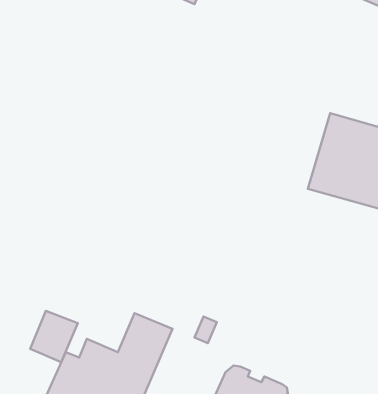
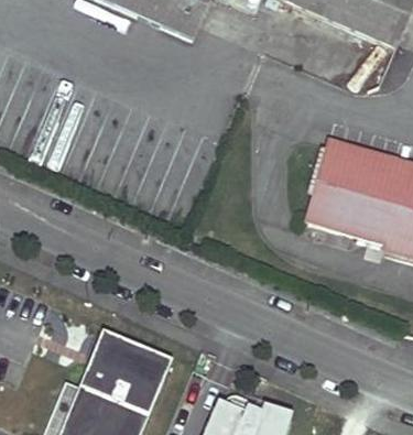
building: [30,311,78,362] -> [87,330,134,381]

